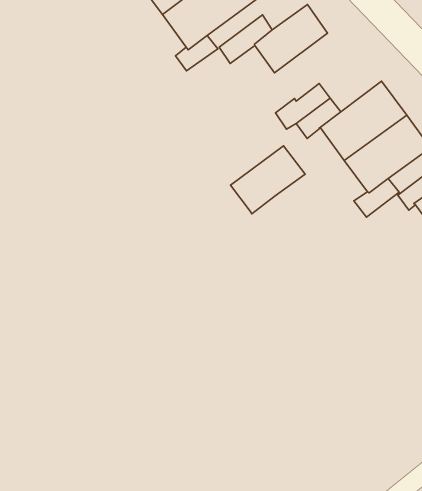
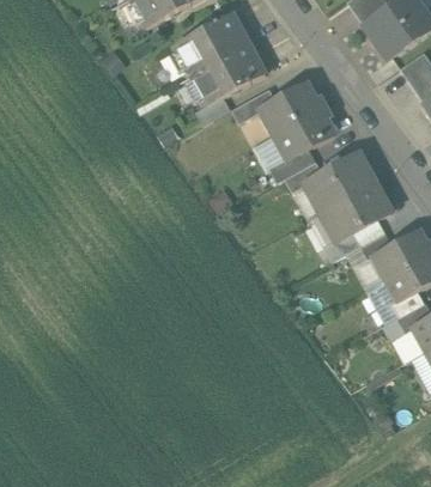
building: [230,146,305,214] -> [273,108,334,159]

